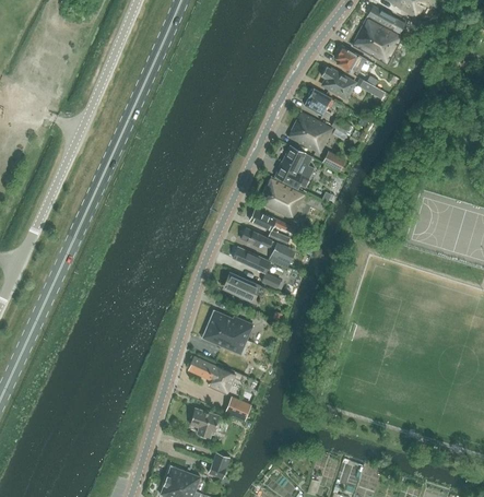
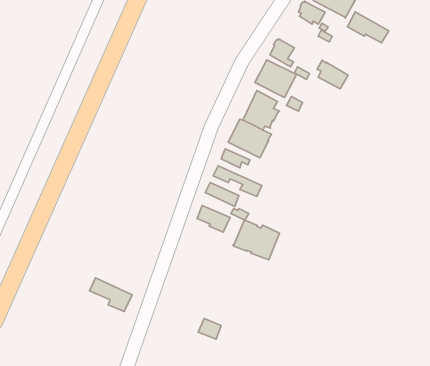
building: none -> [347,12,389,43]
building: [321,67,355,98] -> [317,60,348,89]
building: [201,310,252,354] -> [233,220,280,260]
building: [188,356,235,393] -> [89,278,132,312]
building: [190,409,220,438] -> none

